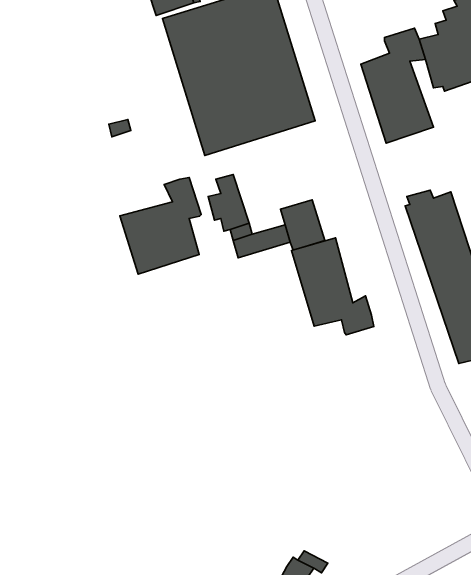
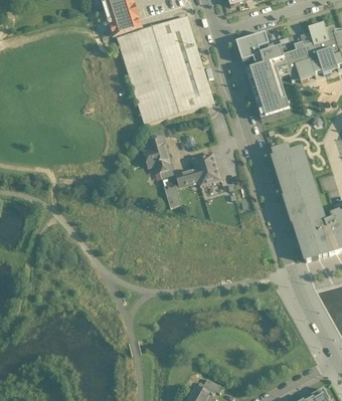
building: none -> [234,30,268,57]
building: [120,178,201,274] -> none
building: [291,238,374,335] -> none

